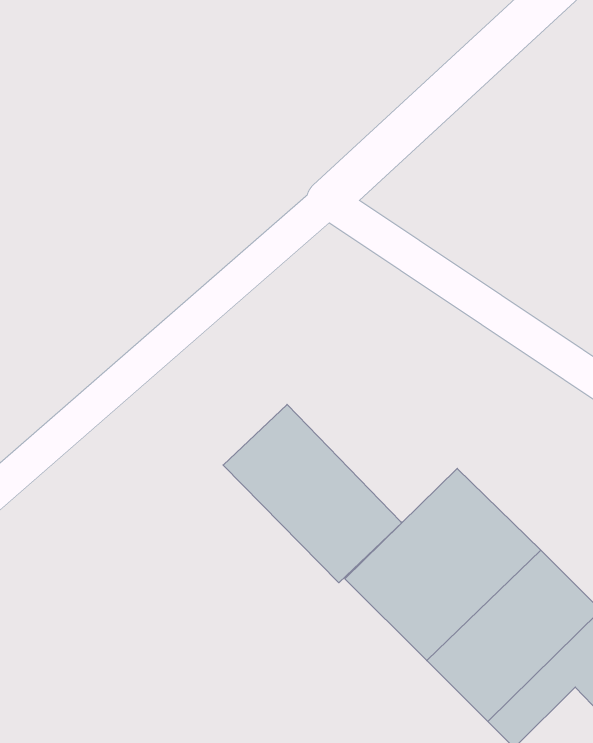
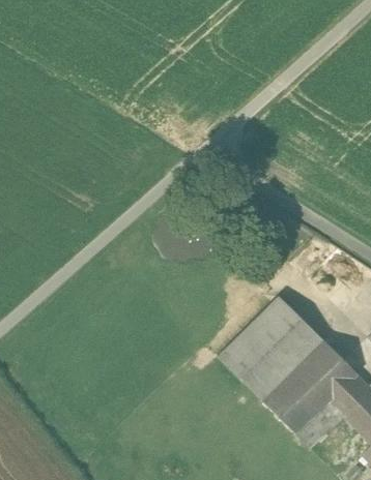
building: [223,404,403,583] -> none

